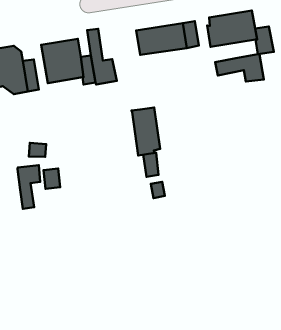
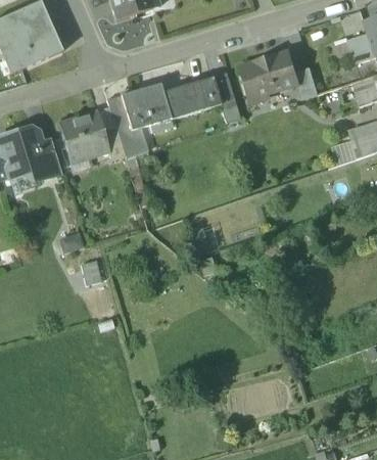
building: none -> [119,84,170,131]
building: [215,54,264,82] -> none
building: [131,108,160,155] -> none
building: [18,165,40,209] -> none

